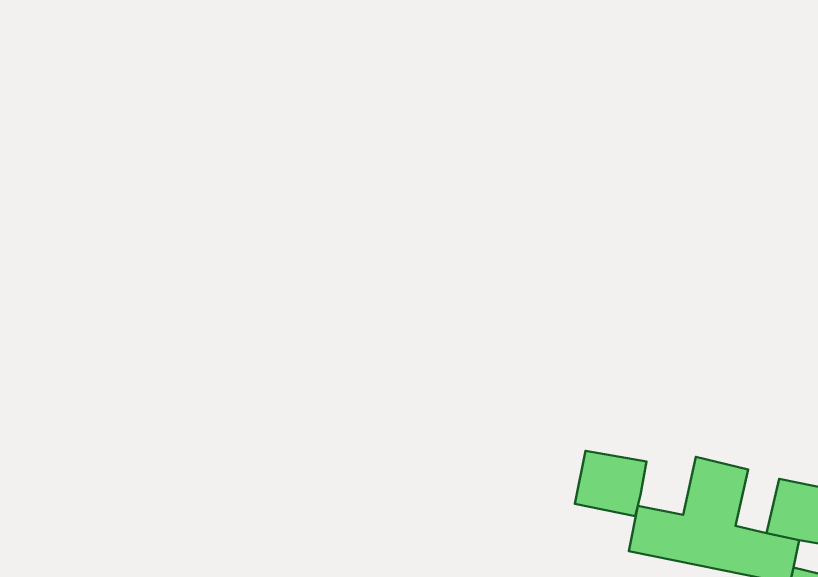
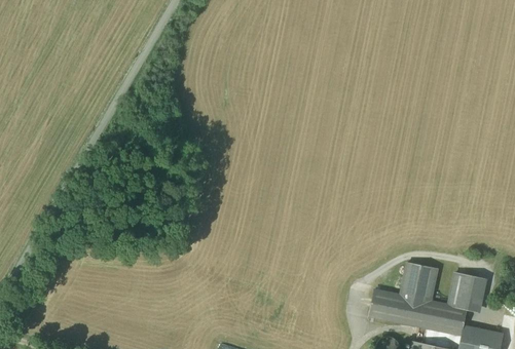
building: [575,451,647,516] -> none

